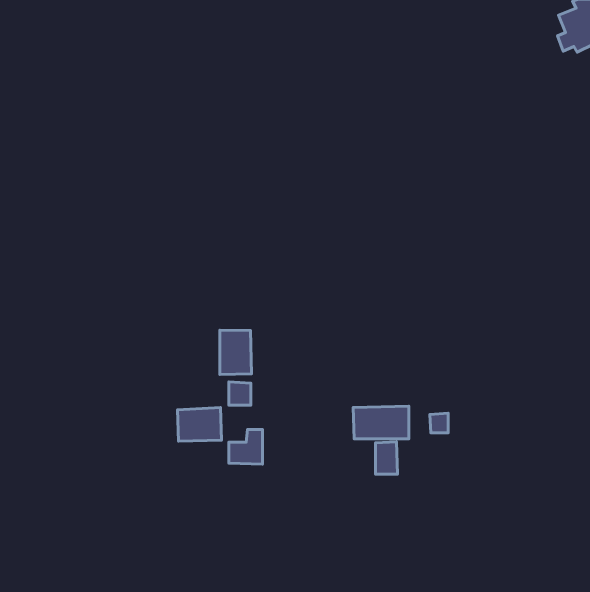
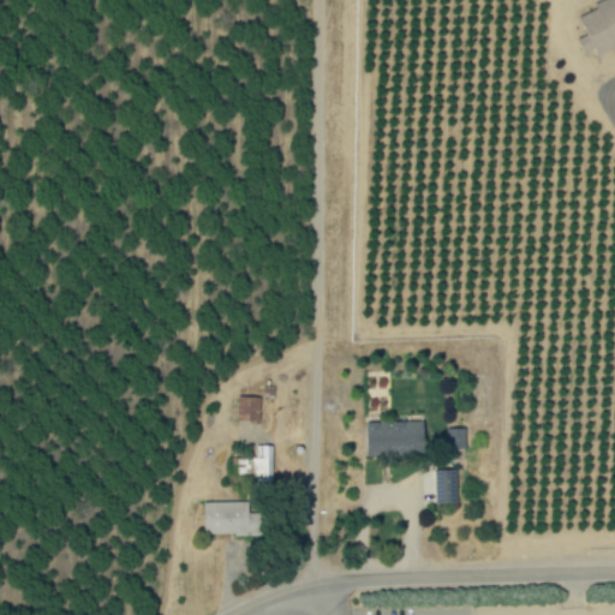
building: [220,330,252,374] -> none
building: [177,408,222,441] -> [207,500,252,535]
building: [375,442,398,474] -> [437,468,460,502]

